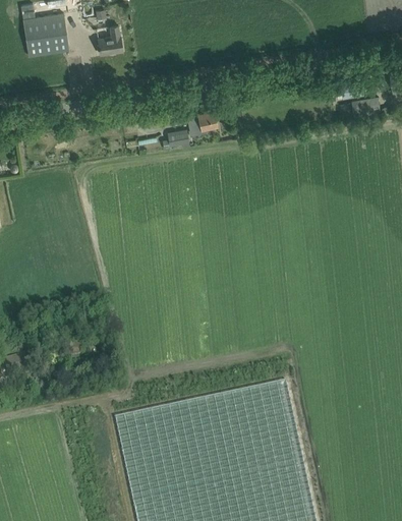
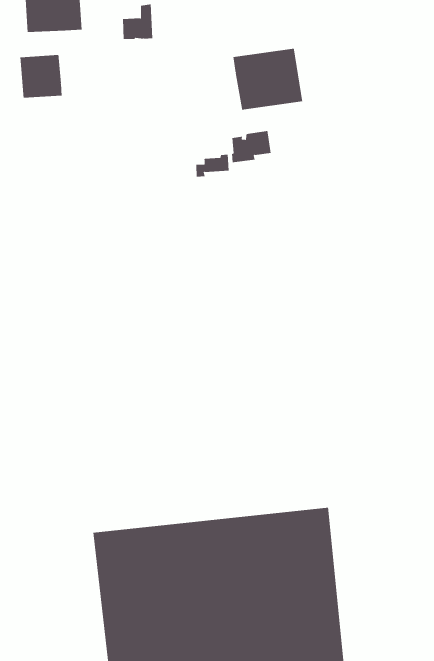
building: none -> [233,48,303,110]
building: none -> [20,54,62,99]

